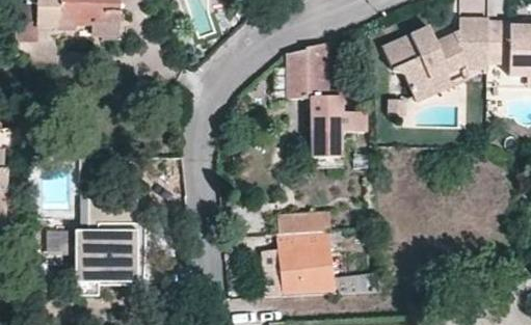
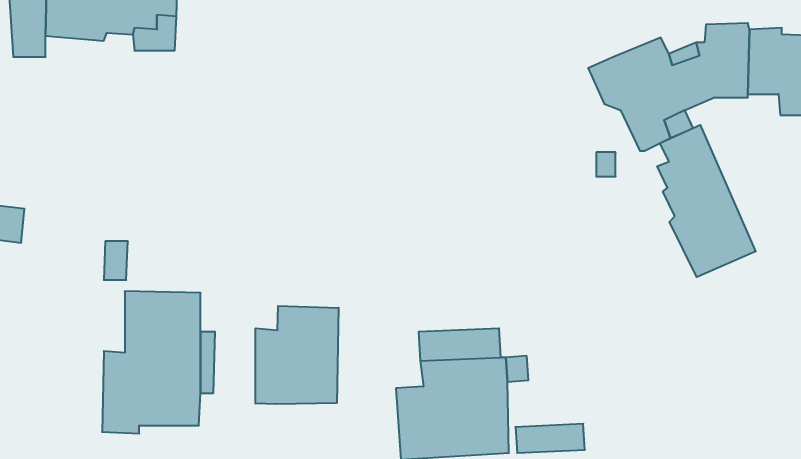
building: [288,44,365,157] -> none
building: none -> [657,125,756,277]
building: none -> [255,306,339,404]

